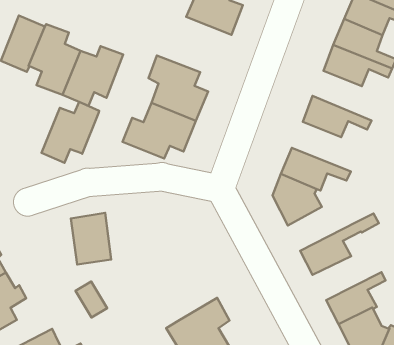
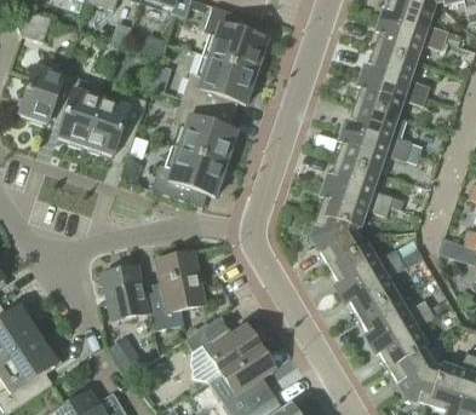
building: none -> [180,56,257,113]
building: none -> [345,103,411,151]
building: [41,102,99,163] -> none
building: none -> [327,157,392,206]
building: none -> [328,242,400,292]
building: none -> [145,254,203,330]
building: none -> [357,294,429,341]
building: none -> [184,315,259,373]

